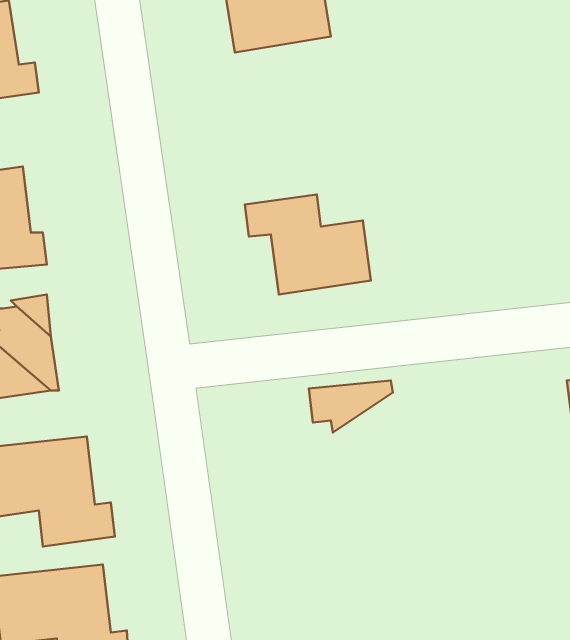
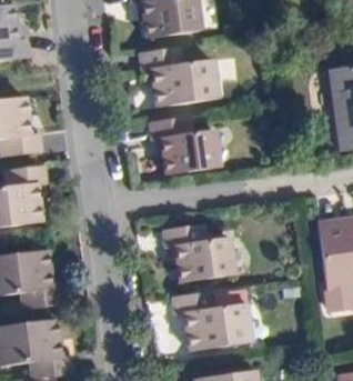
building: none -> [127,44,204,107]
building: none -> [189,224,243,273]
building: none -> [184,285,261,345]

